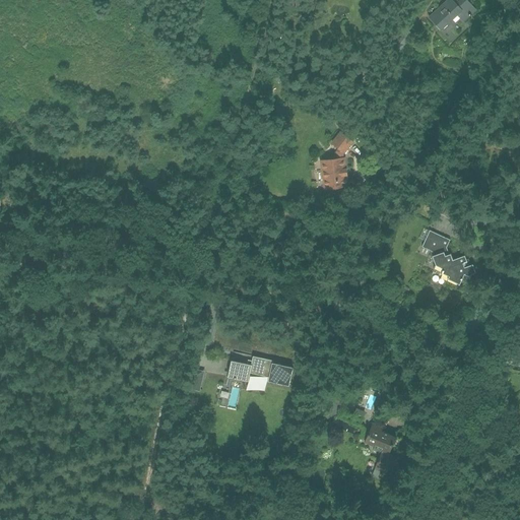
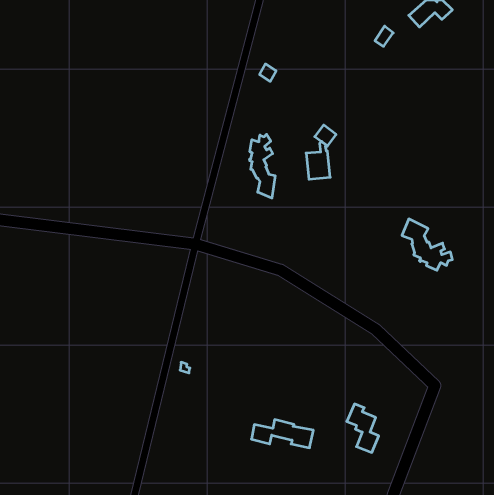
building: none -> [250,134,275,198]
building: [228,355,292,385] -> [251,420,313,448]

